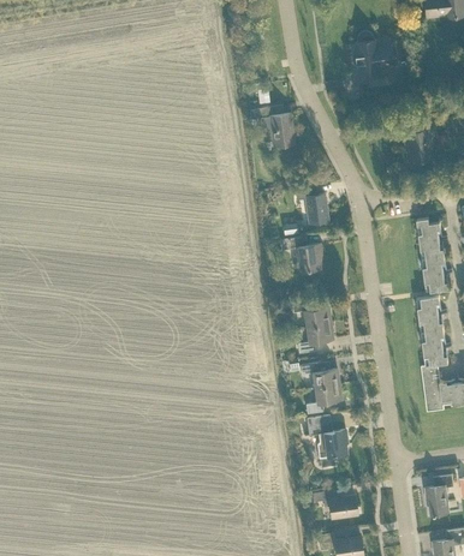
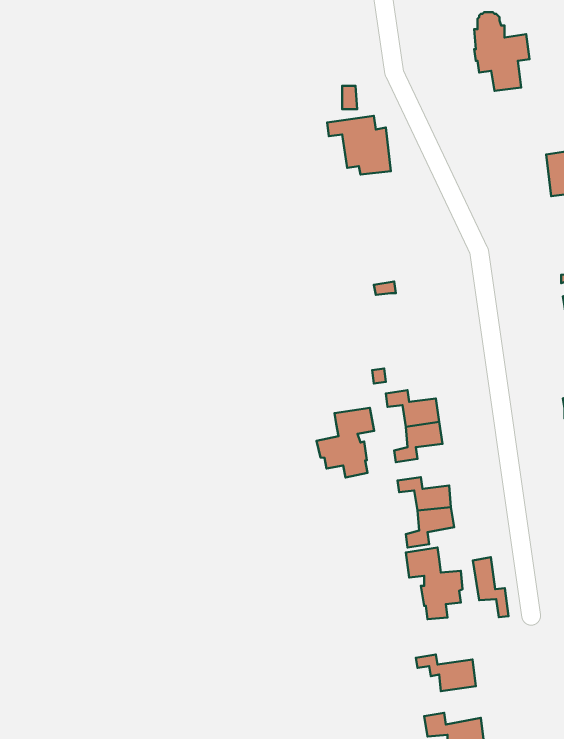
building: [295,187,328,225] -> none
building: [281,239,321,271] -> none
building: none -> [317,408,374,478]
building: none -> [473,557,509,617]

